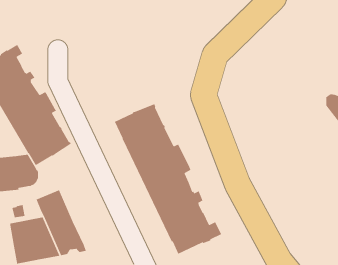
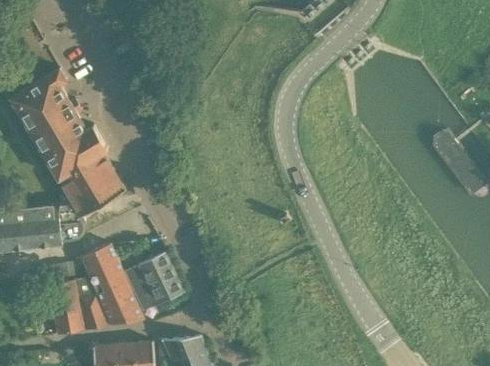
building: [114,103,222,255] -> none
building: none -> [126,252,183,311]

